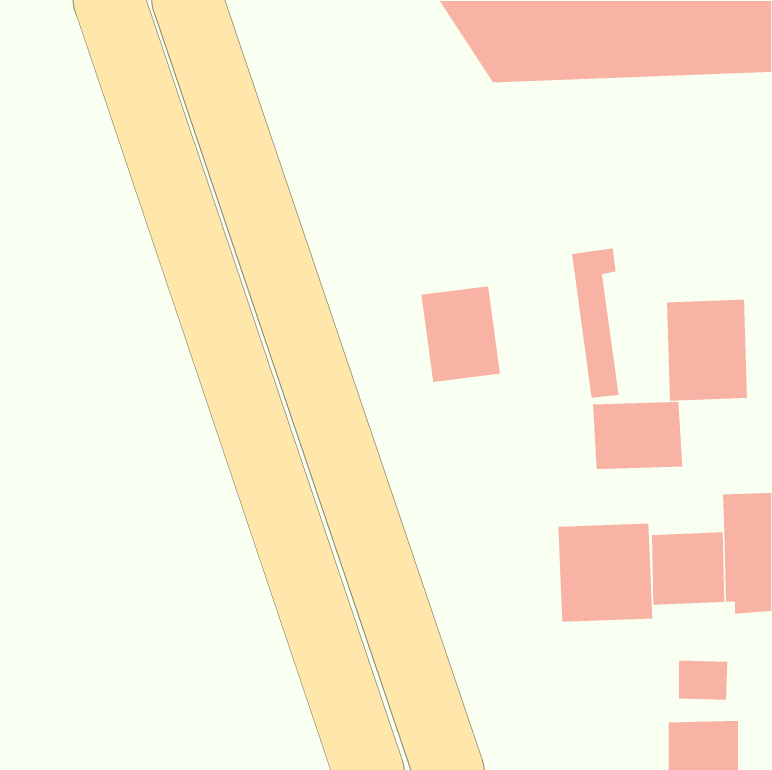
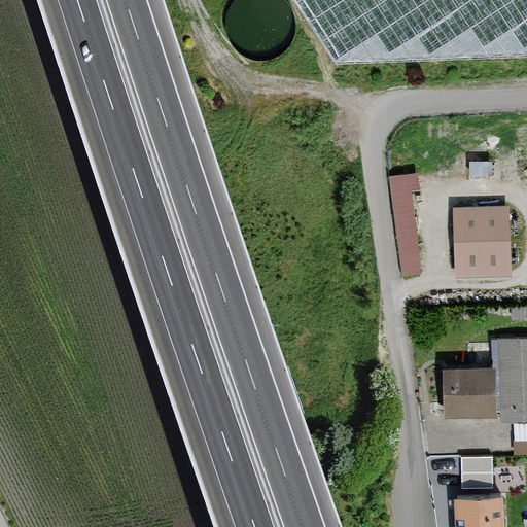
building: [420,286,501,383] -> none
building: [592,401,683,470] -> none
building: [558,523,653,622] -> none

